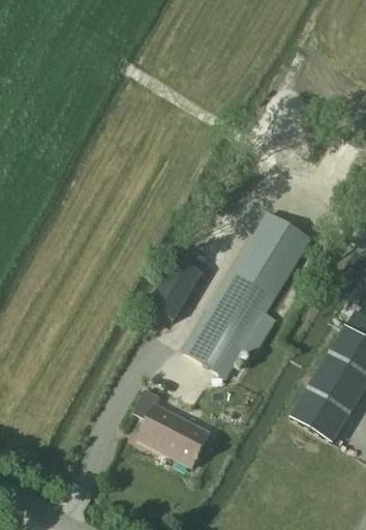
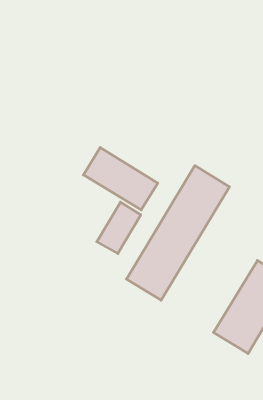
building: none -> [83,147,158,210]
building: [132,387,209,466] -> none

